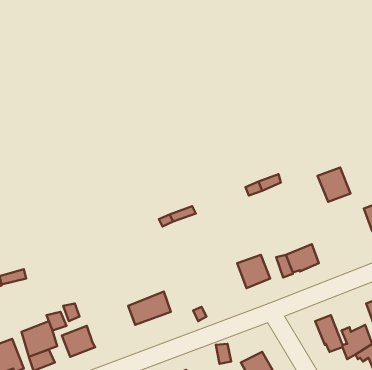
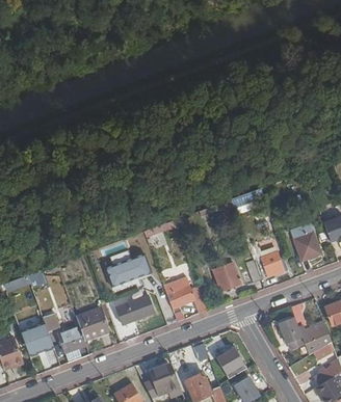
building: [318,167,351,202] -> [292,232,321,262]
building: none -> [111,254,151,280]
building: none -> [164,279,207,314]
building: none -> [77,307,109,340]

